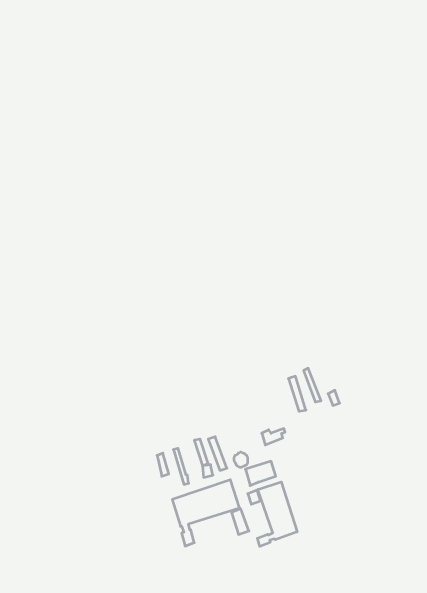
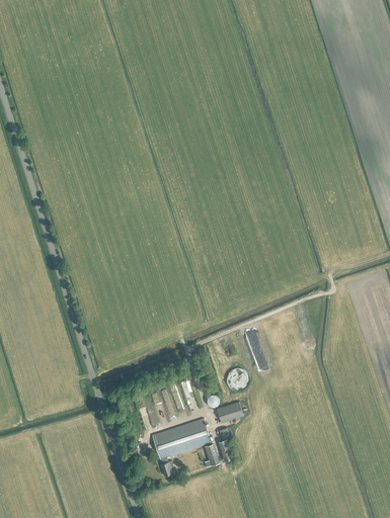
building: [257,482,297,546] -> none

